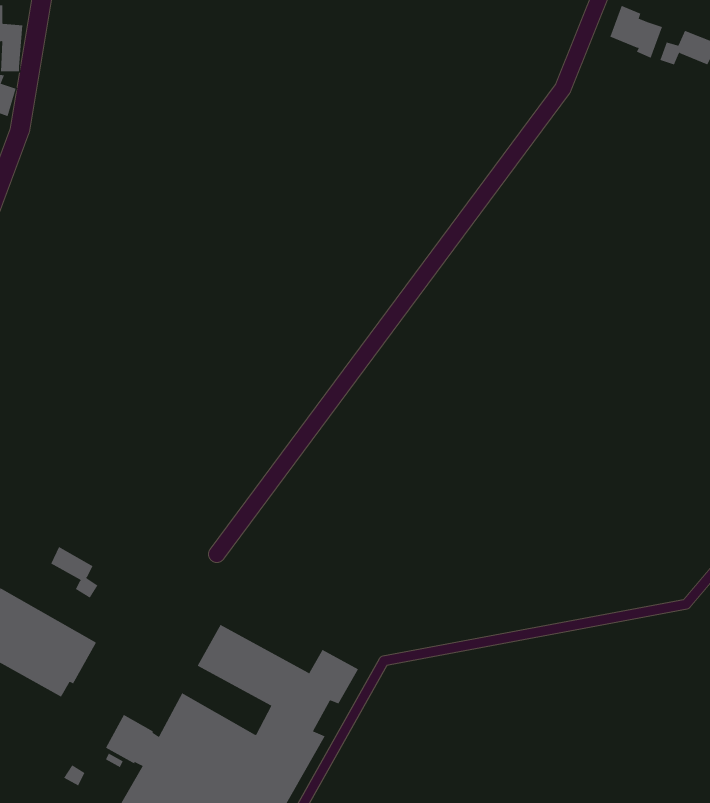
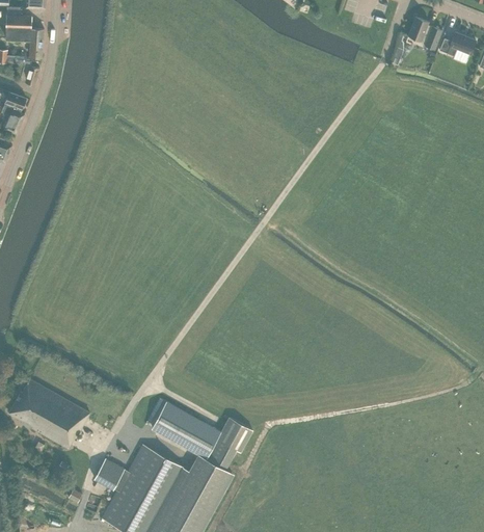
building: [50,546,98,599] -> none

